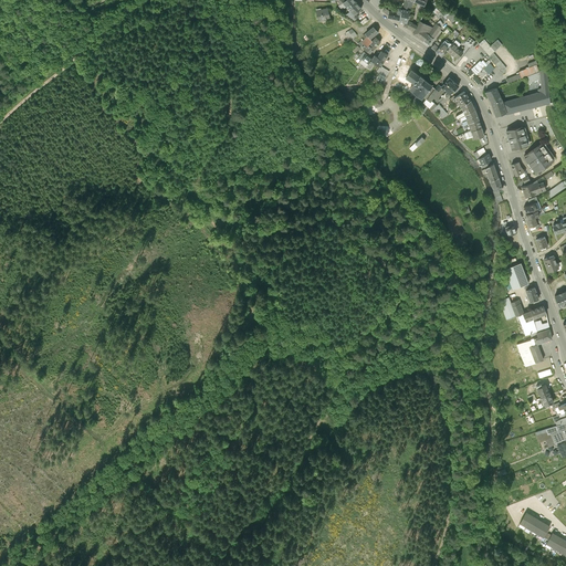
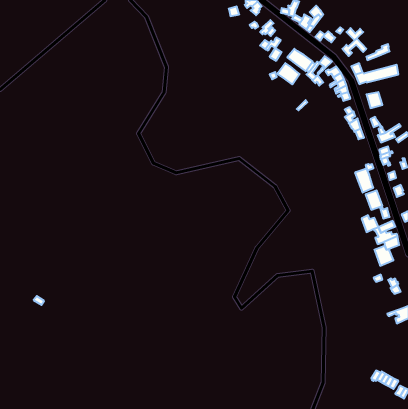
building: none -> [278,63,300,84]
building: [525,143,555,172] -> none
building: none -> [355,168,373,193]

